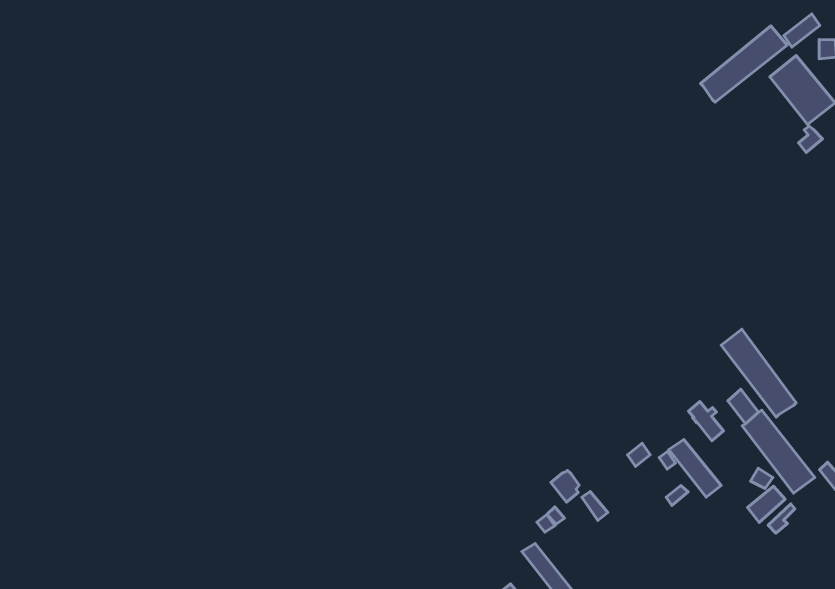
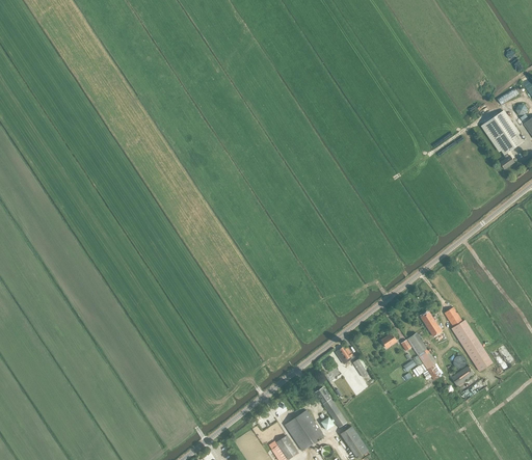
building: [701,26,787,102] -> none
building: [721,329,796,417] -> none

